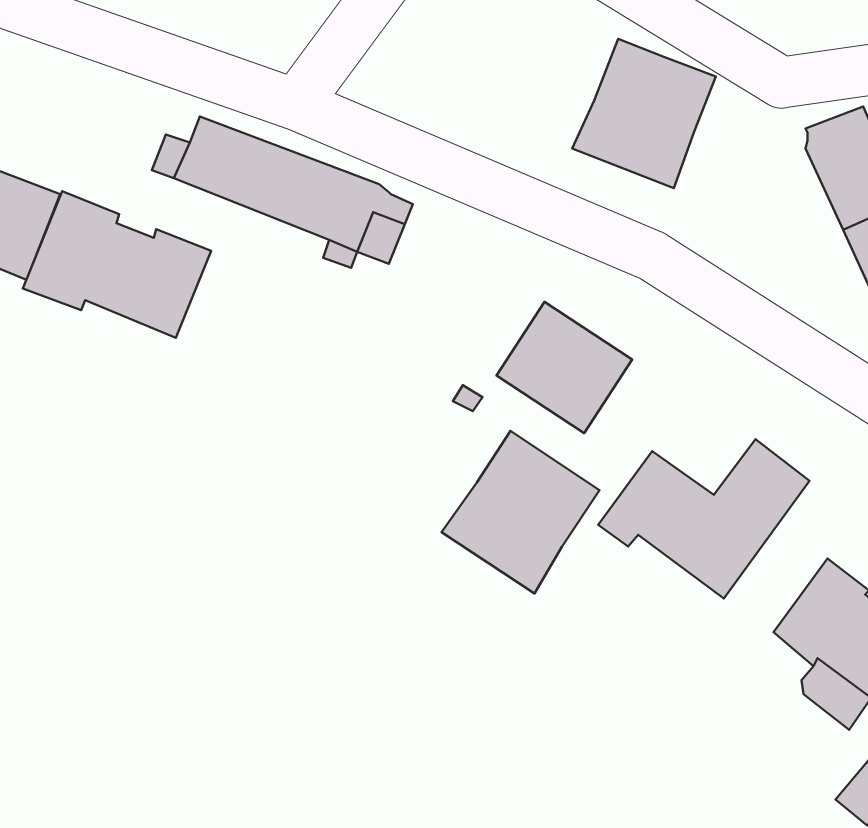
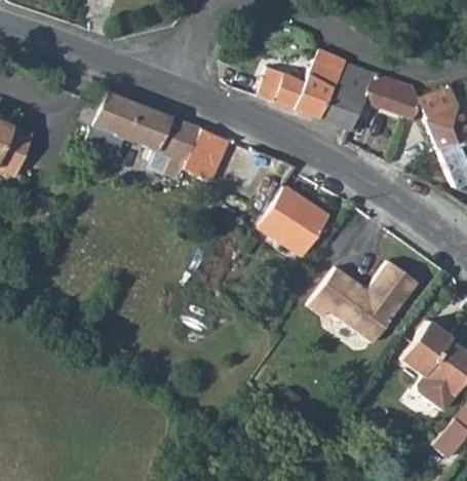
building: none -> [261,68,310,109]
building: none -> [361,72,420,118]
building: [23,191,211,338] -> none
building: [442,431,600,594] -> none

